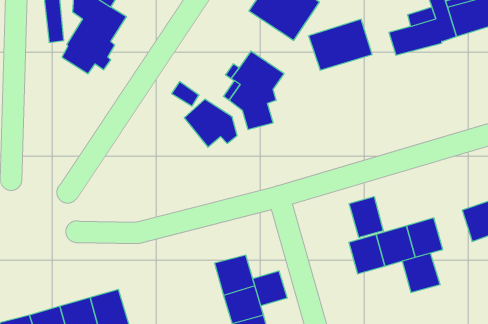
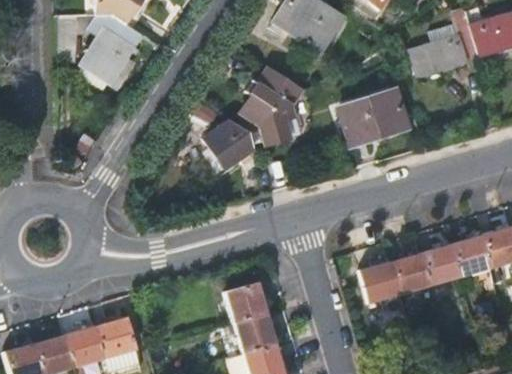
building: [308,19,372,70] -> [338,93,403,145]
building: [349,197,383,238] -> none
building: [402,253,440,292] -> [455,234,494,274]
building: [253,271,287,306] -> none

